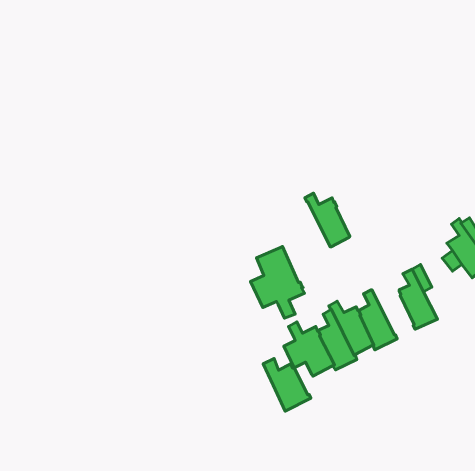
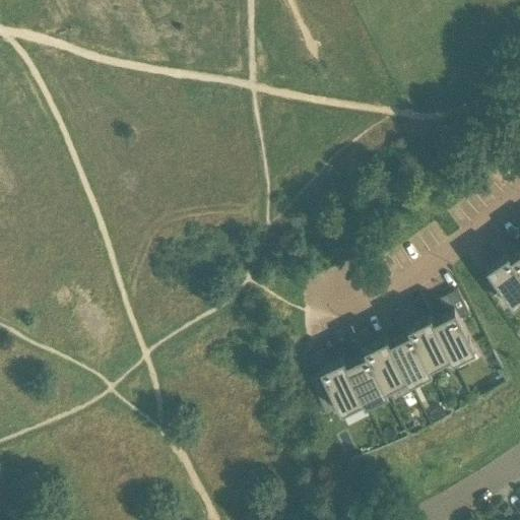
building: [305,193,350,247] -> [404,314,453,372]
building: [251,246,305,318] -> none
building: [263,359,311,411] -> none

